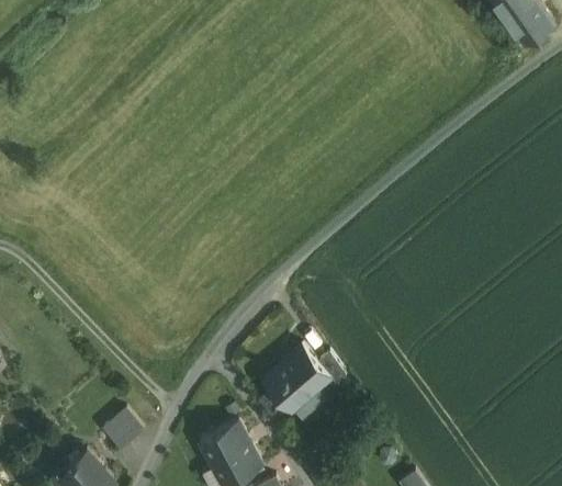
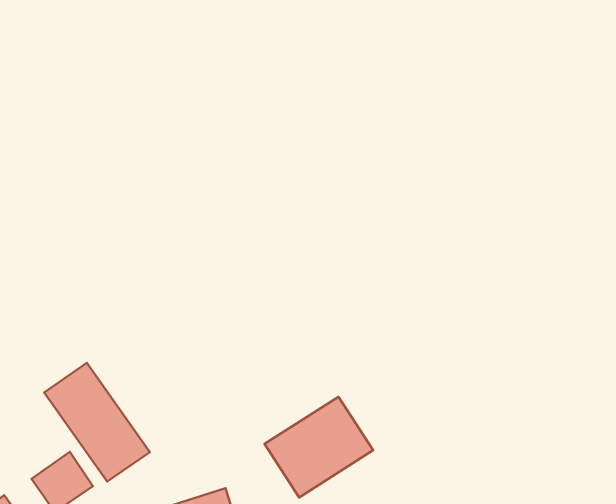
building: none -> [44,363,150,482]

